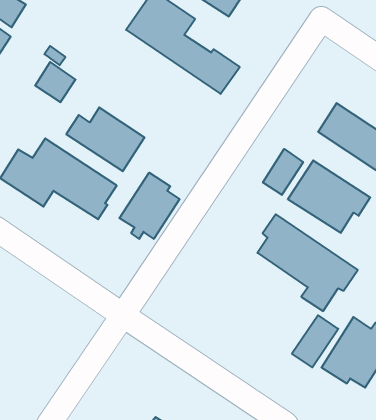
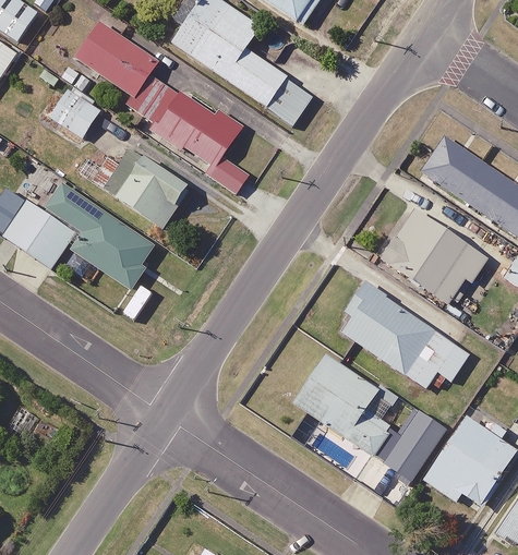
building: none -> [79,22,250,192]
building: [263,149,303,195] -> none
building: [119,173,180,239] -> none
building: none -> [292,355,394,456]

